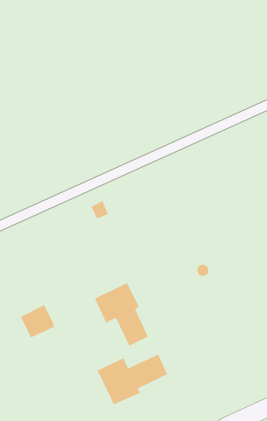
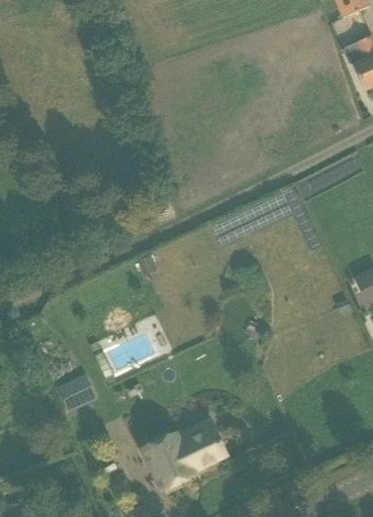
building: [94,282,149,347] -> none

